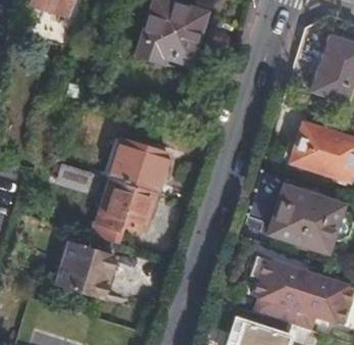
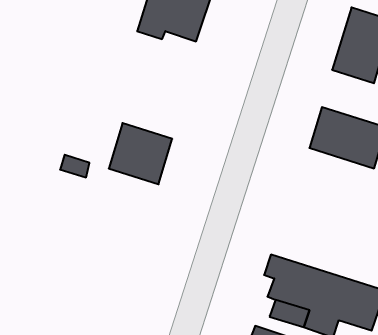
building: [94,179,156,243] -> none
building: [269,186,341,250] -> none
building: [56,242,115,298] -> none

